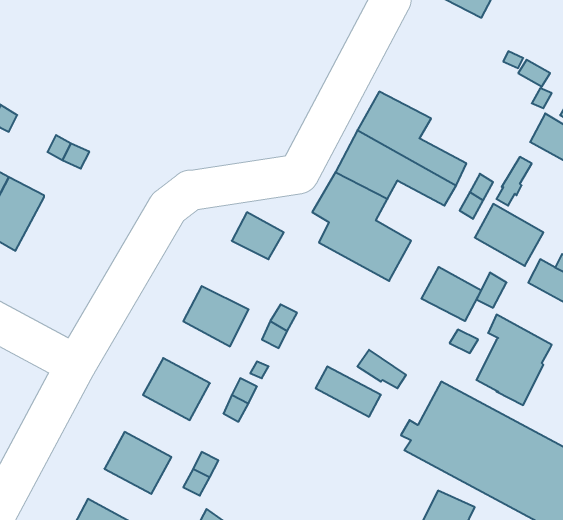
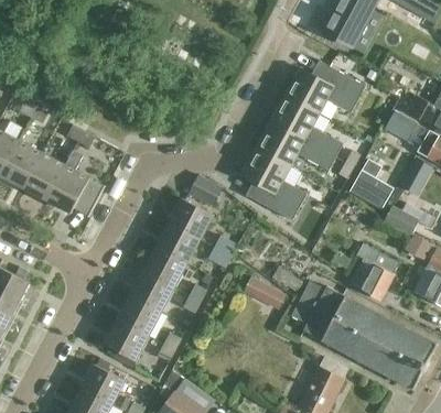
building: none -> [286,61,366,113]
building: none -> [46,150,105,217]
building: none -> [169,198,213,239]
building: [421,267,481,321] -> none
building: none -> [143,247,187,287]
building: none -> [118,295,161,336]

